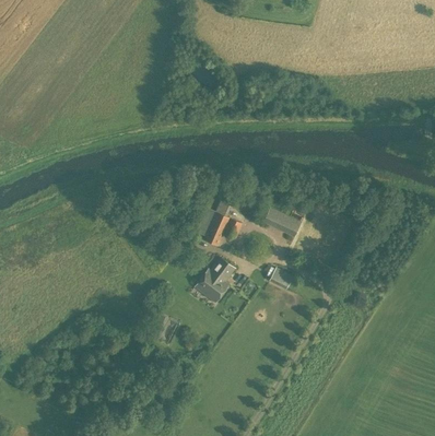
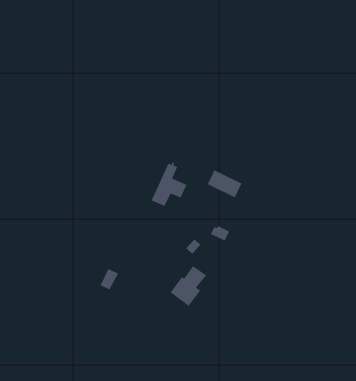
building: [195,257,235,302] -> [170,265,207,307]

